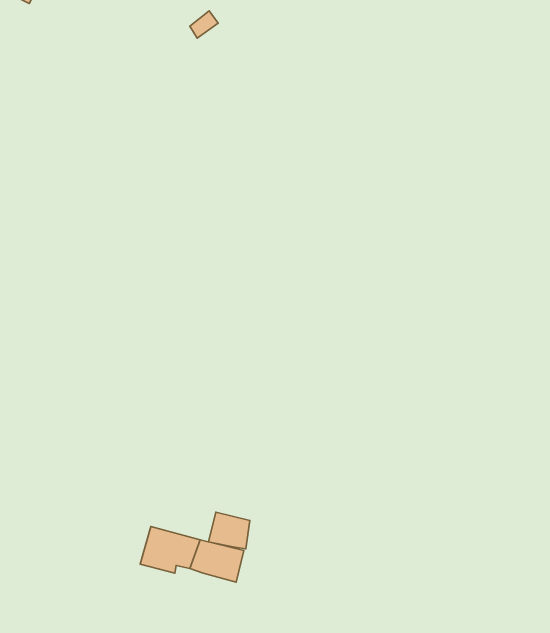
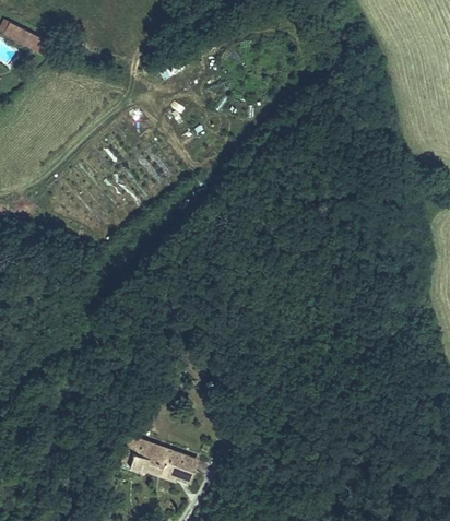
building: [209,512,250,549] -> none

